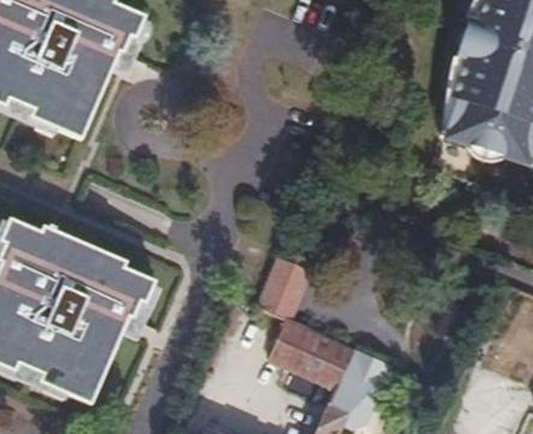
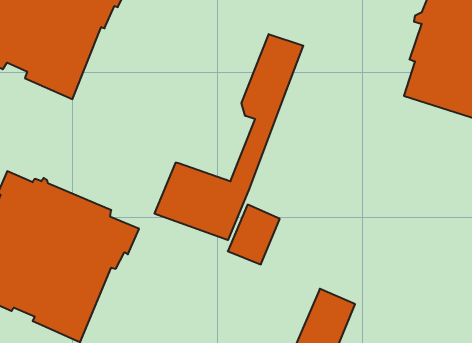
building: none -> [155,34,303,240]
building: [271,320,353,389] -> none

